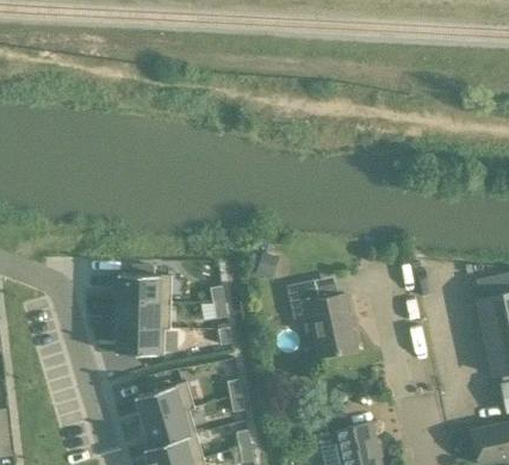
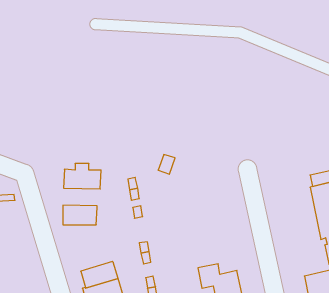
building: [285,281,355,358] -> none
building: [116,302,170,330] -> none
building: [135,382,194,423] -> none

